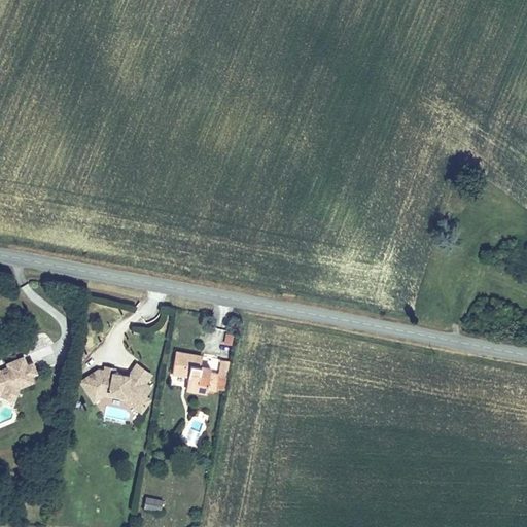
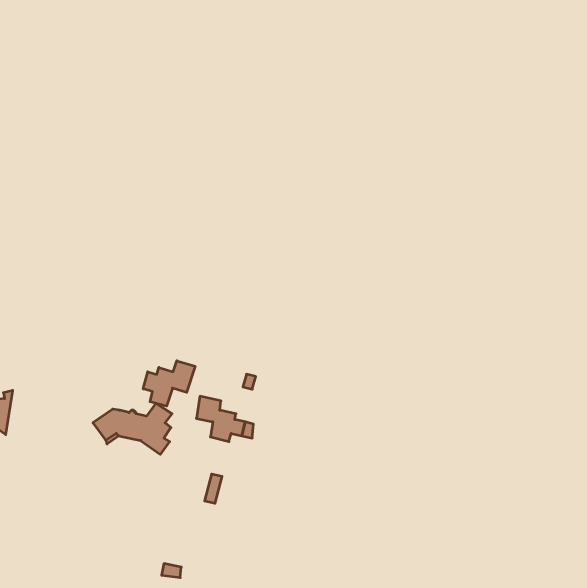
building: none -> [143,361,195,406]
building: [5,349,33,390] -> none

